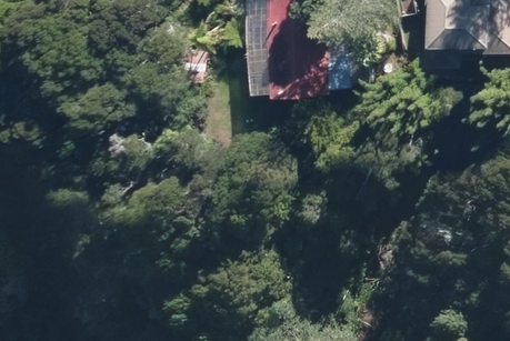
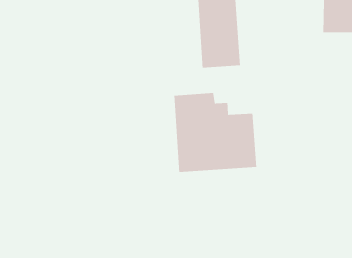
building: none -> [174,92,257,173]

